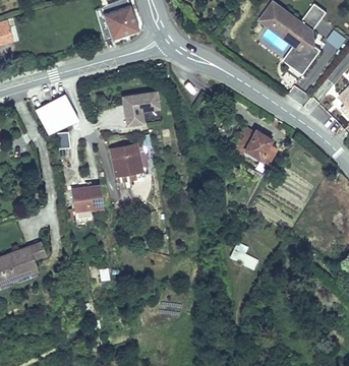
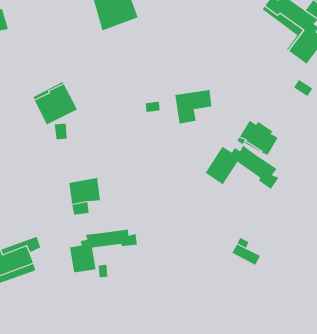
building: [122,91,159,125] -> [175,90,212,124]
building: [110,143,143,181] -> none
building: none -> [205,145,279,190]
building: none -> [70,229,137,273]

